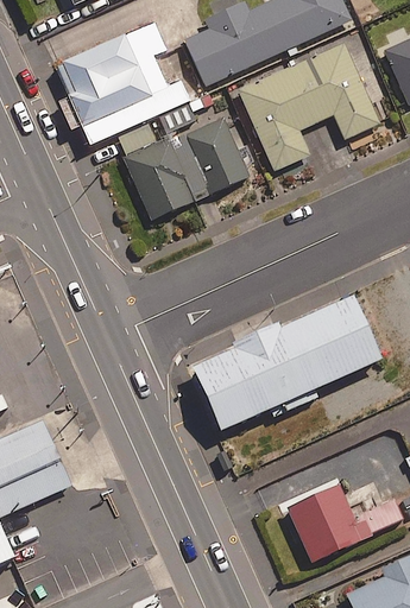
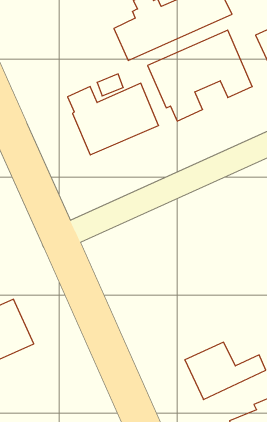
building: [59,21,188,144] -> none
building: [193,296,381,430] -> none

